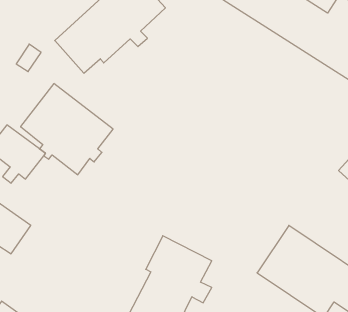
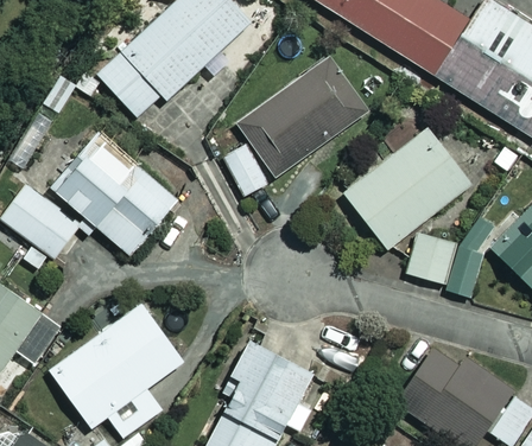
building: none -> [218,64,366,195]
building: none -> [343,127,471,249]
building: none -> [406,231,486,293]
building: none -> [49,304,183,438]

